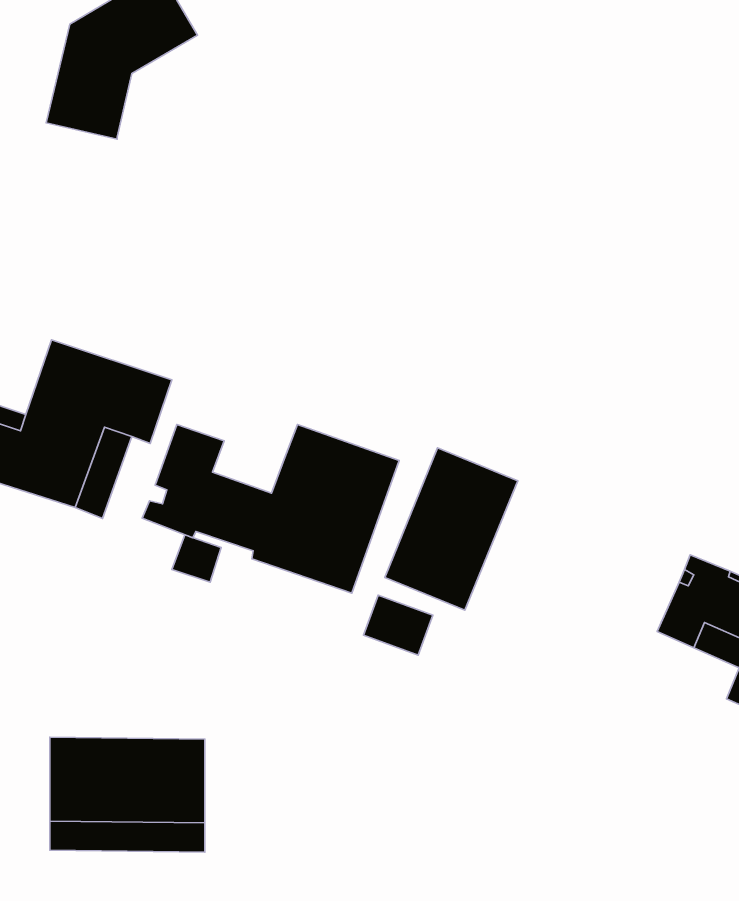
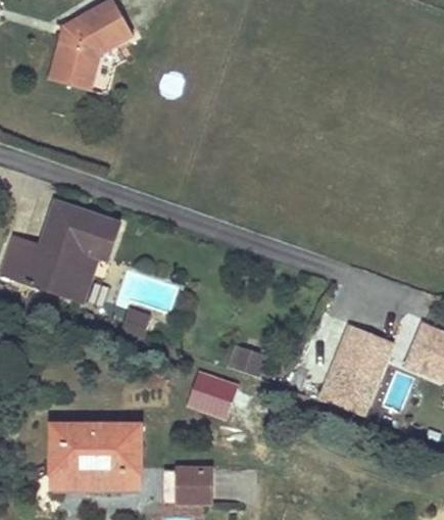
building: [142,424,399,593] -> none
building: [385,448,518,610] -> [317,323,392,414]
building: none -> [187,371,237,419]
building: none -> [180,468,212,500]

